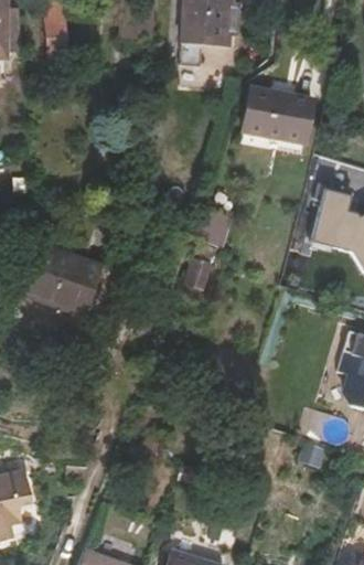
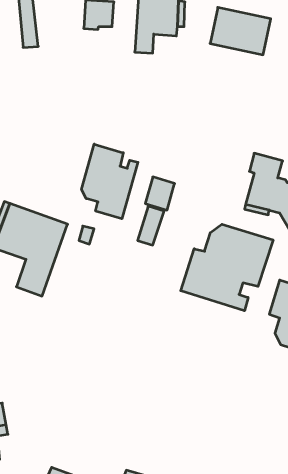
building: [240,87,311,142] -> [210,7,271,55]
building: none -> [82,144,138,219]
building: none -> [181,224,273,311]

